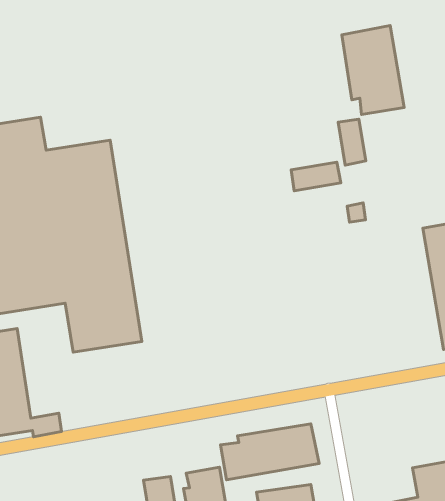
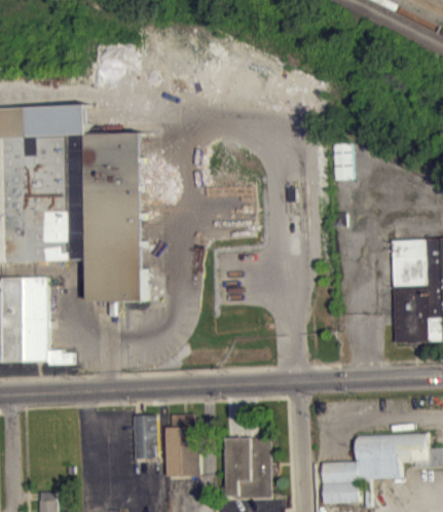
building: [342,25,404,115] -> none
building: [291,162,341,191] -> none
building: [220,424,319,480] -> none

